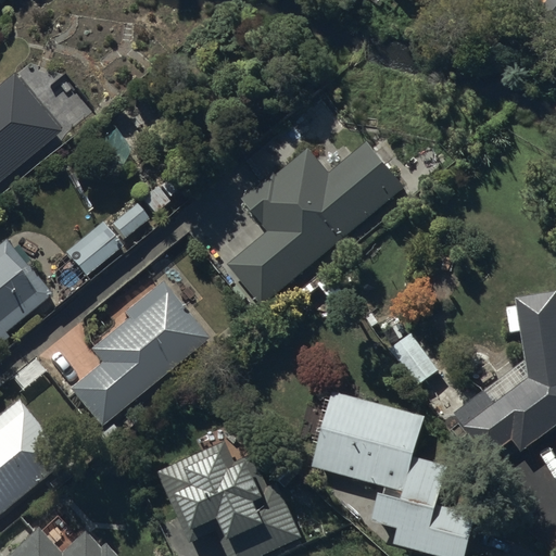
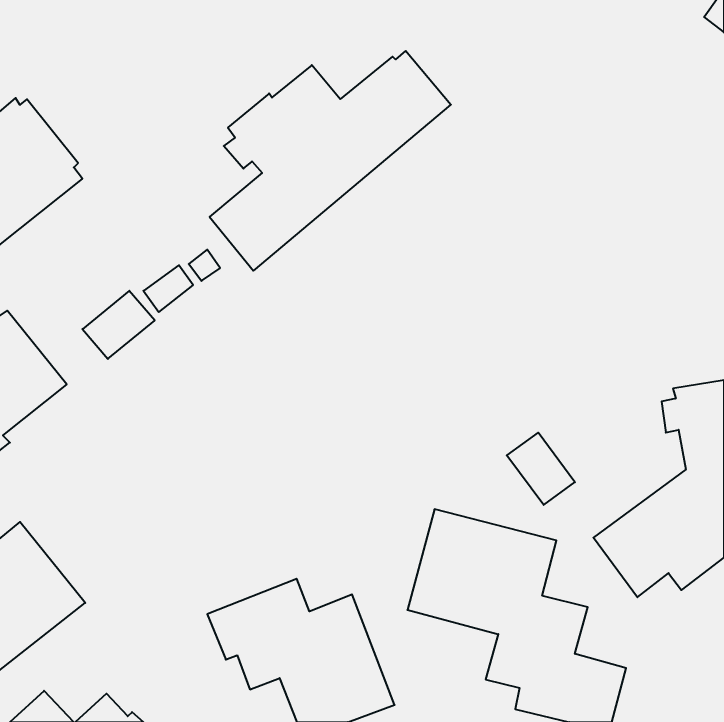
building: [228,137,413,305] -> [210,51,451,271]
building: [67,281,207,428] -> none

